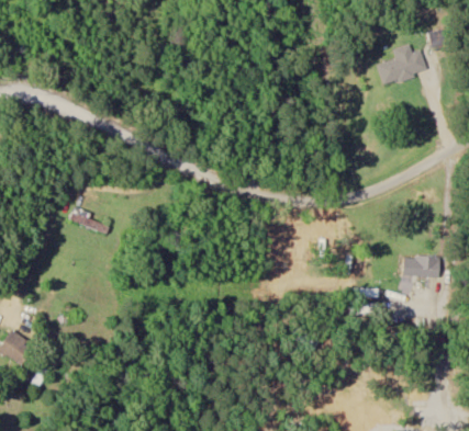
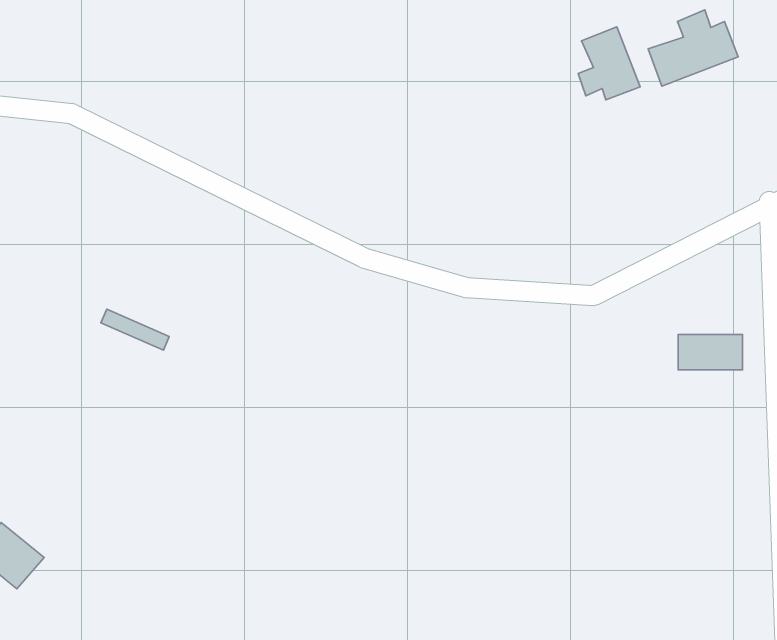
building: none -> [578,27,640,100]
building: [402,257,438,276] -> [678,335,743,370]

